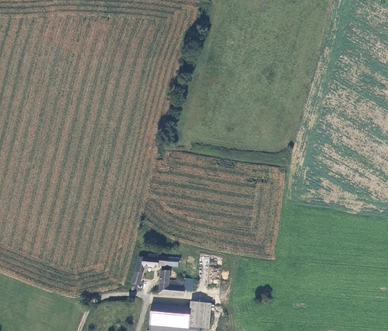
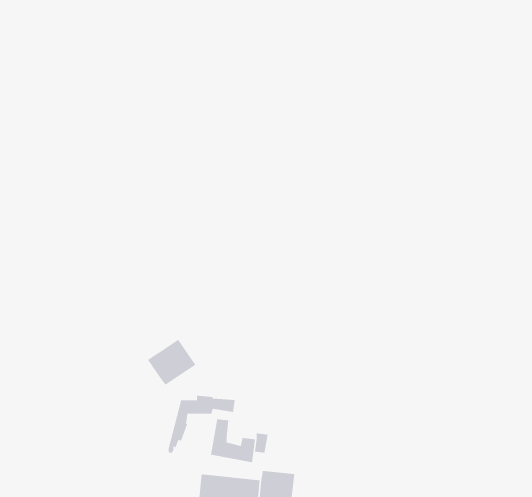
building: none -> [147,339,196,385]

